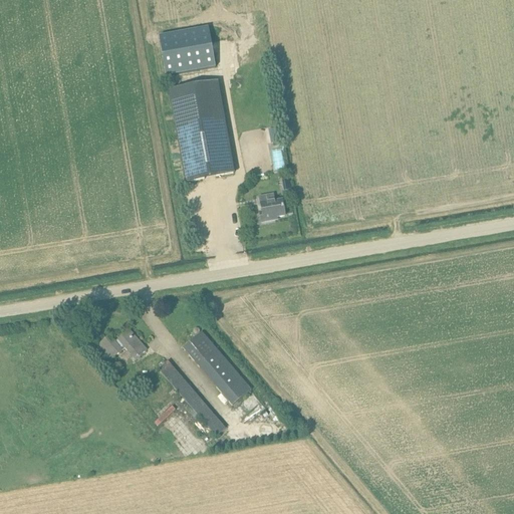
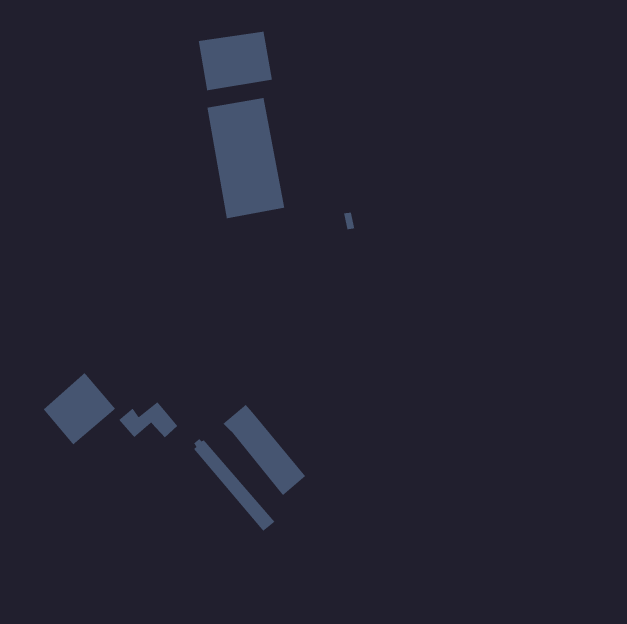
building: [259,192,284,220] -> none
building: none -> [43,372,116,446]

